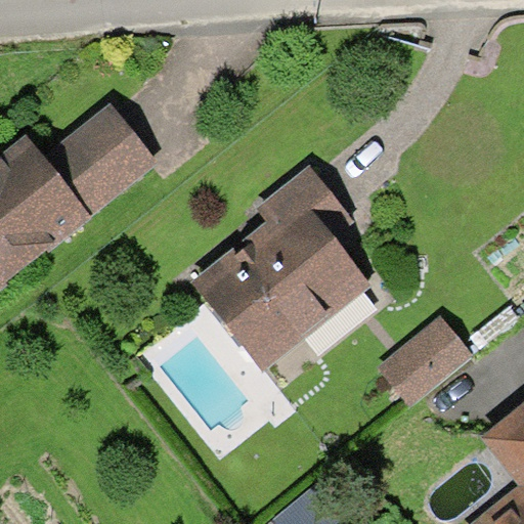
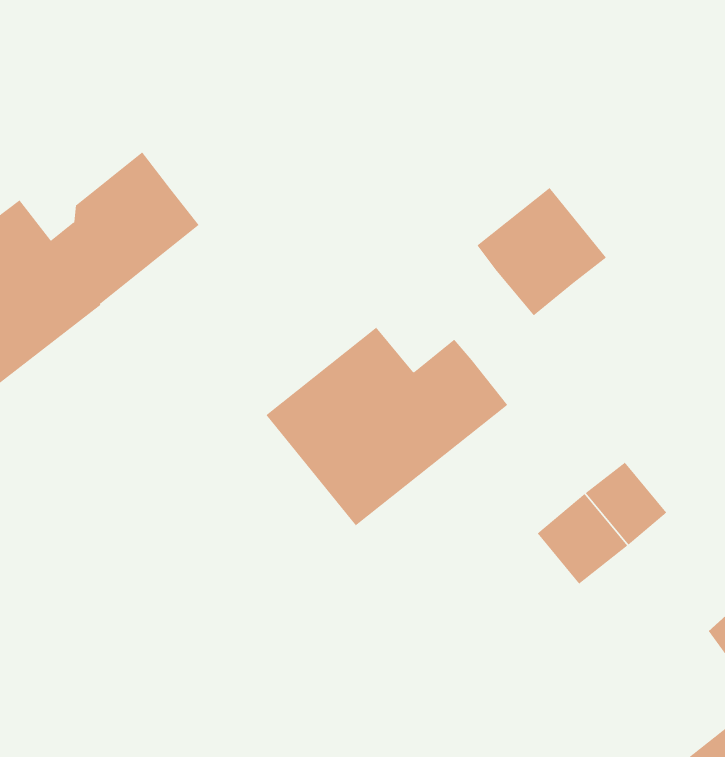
building: [260,170,349,258] -> [477,187,607,316]

